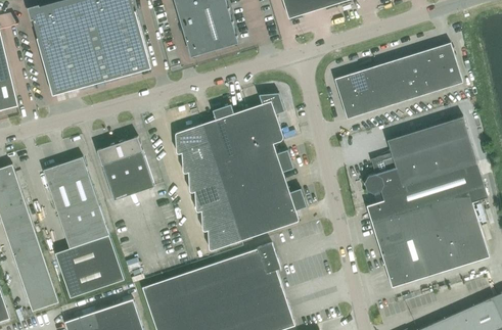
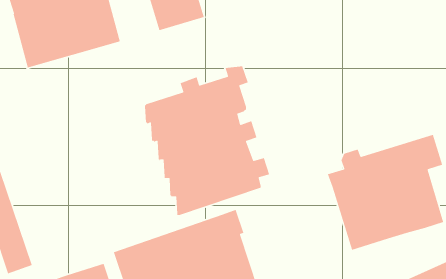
building: [334,43,462,119] -> none
building: [364,116,477,194] -> none
building: [97,137,154,200] -> none
building: [43,157,124,298] -> none

